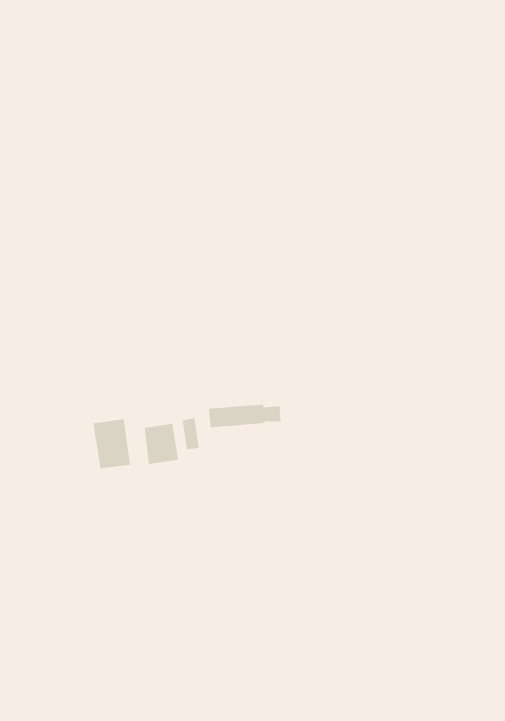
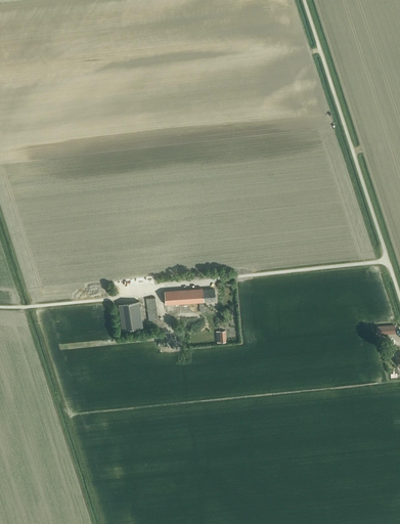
building: [93,418,130,469] -> none

